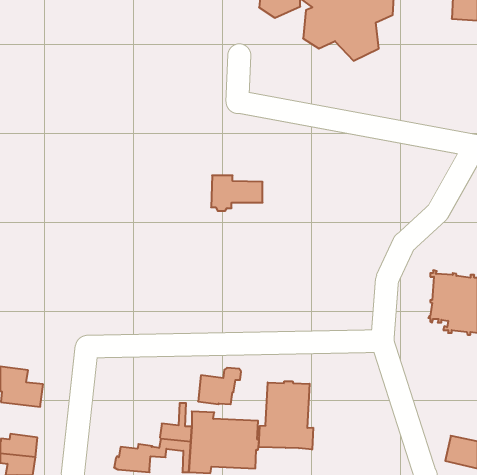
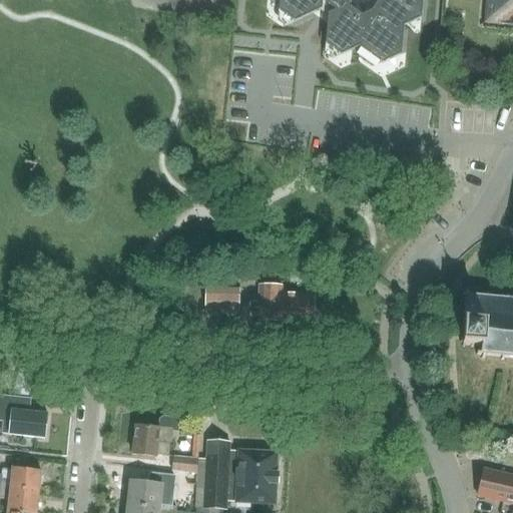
building: [211,175,263,211] -> [259,284,314,322]
building: none -> [204,281,240,311]
building: [198,368,241,404] -> [133,415,179,454]
building: [259,381,313,450] -> none

